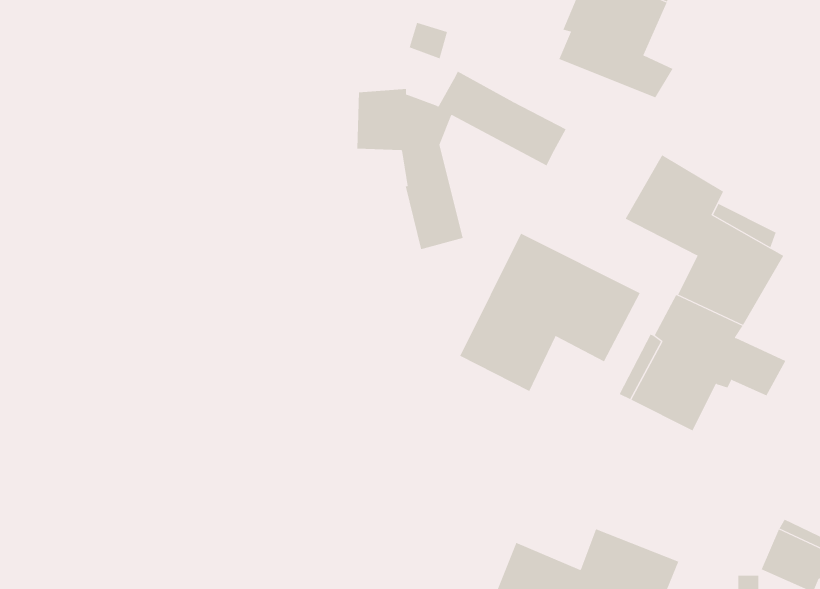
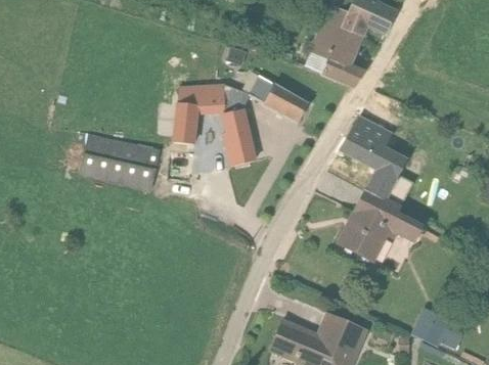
building: none -> [172,84,199,146]
building: none -> [79,134,161,190]
building: [459,233,641,392] -> none

